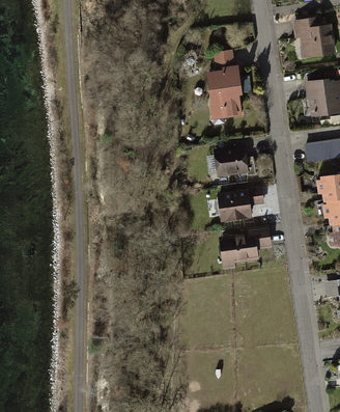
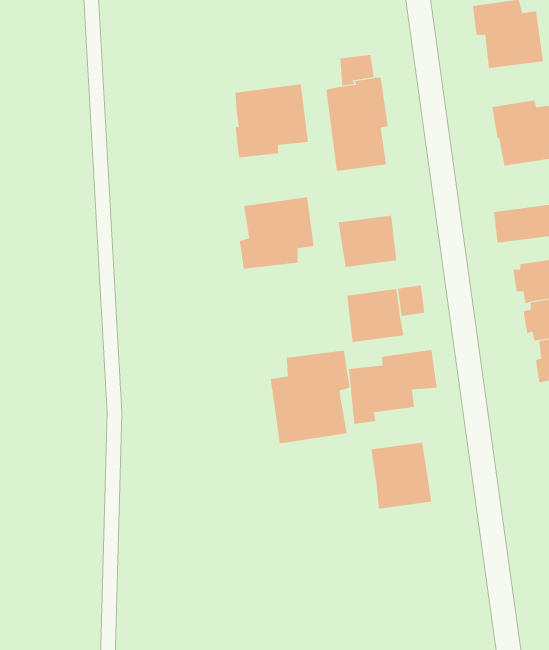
building: none -> [235,84,308,158]
building: none -> [239,196,314,270]
building: none -> [270,350,350,444]
building: none -> [371,442,432,509]

